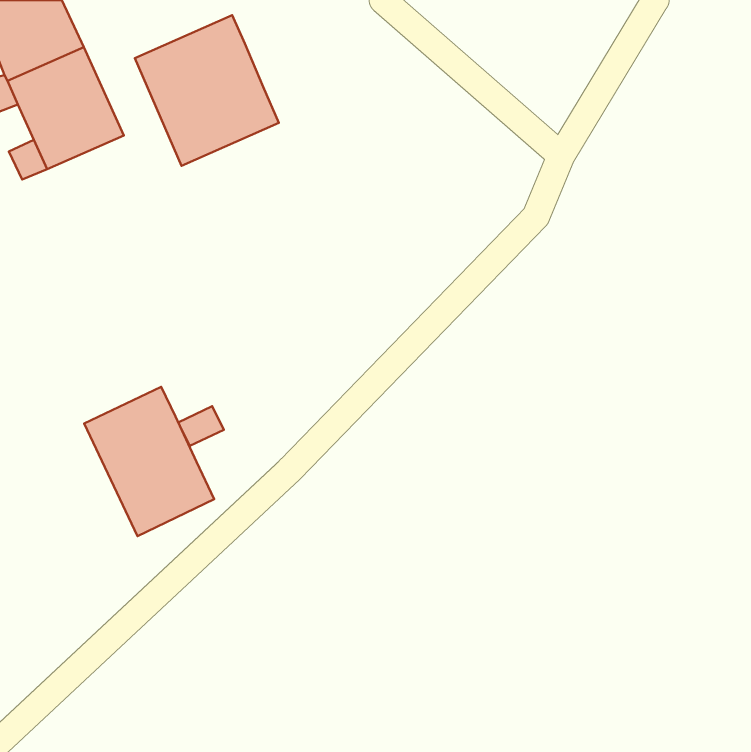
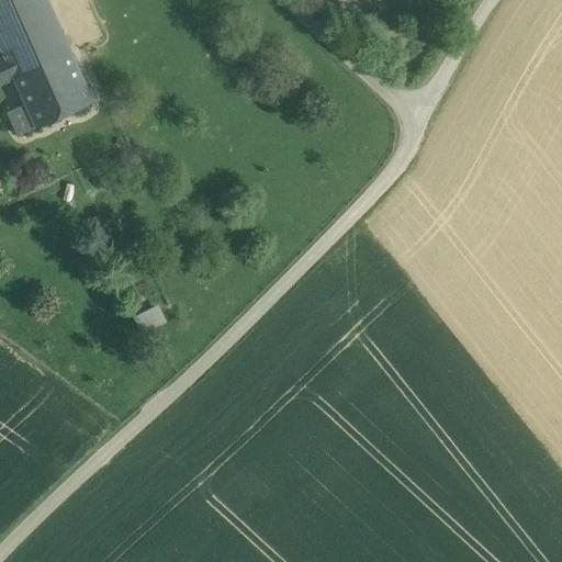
building: [135,15,279,166] -> none
building: [84,387,214,536] -> none

